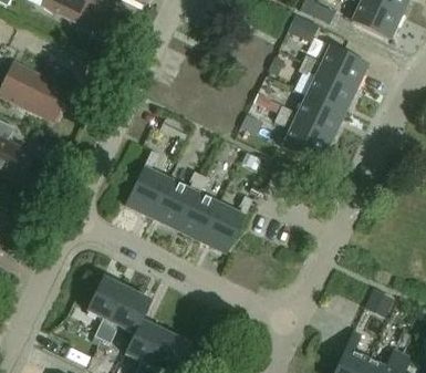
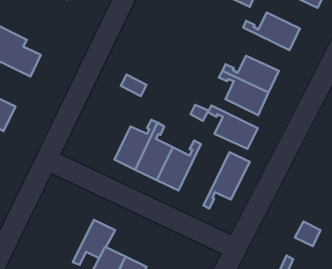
building: [298,62,356,113] -> [208,106,258,149]
building: [125,149,169,217] -> none
building: none -> [203,152,250,209]
building: [85,276,126,338] -> none

